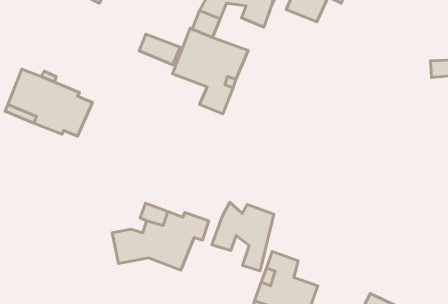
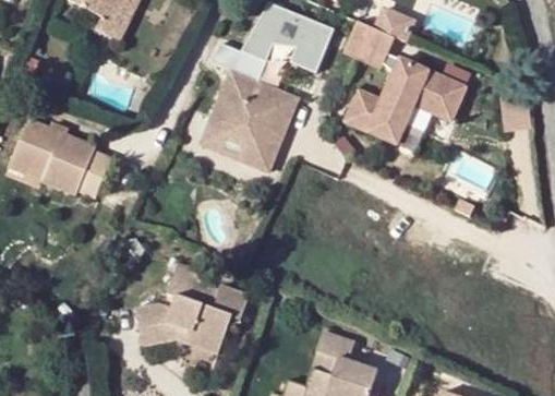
building: none -> [339,55,472,145]
building: [139,34,180,65] -> [200,124,248,160]
building: [212,202,274,271] -> none

